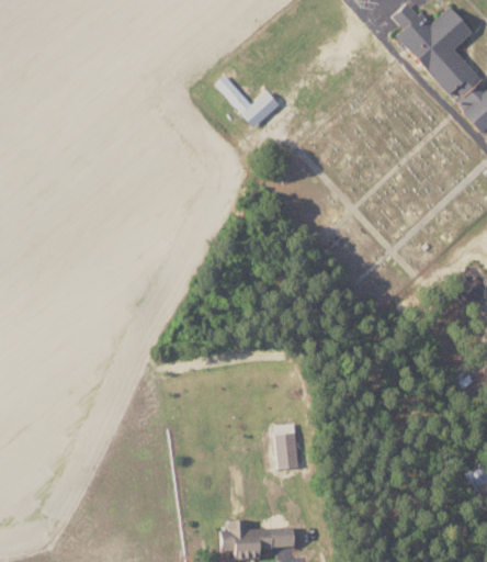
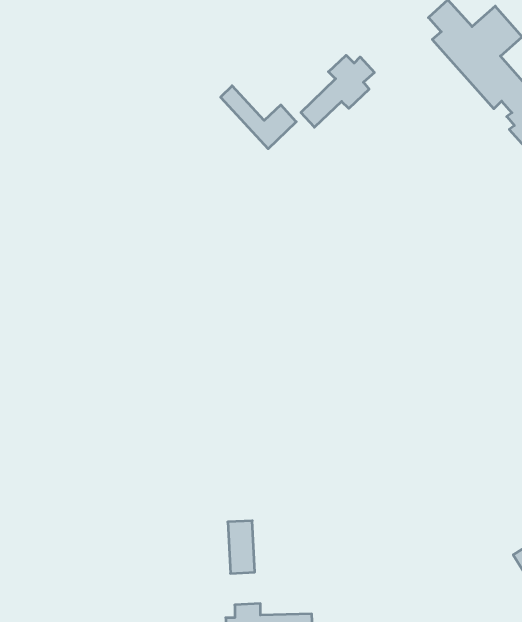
building: none -> [301,55,374,127]
building: [276,425,299,470] -> [228,521,255,573]

